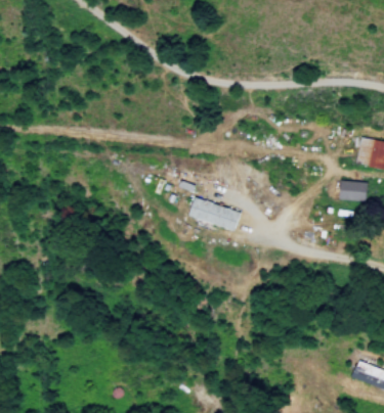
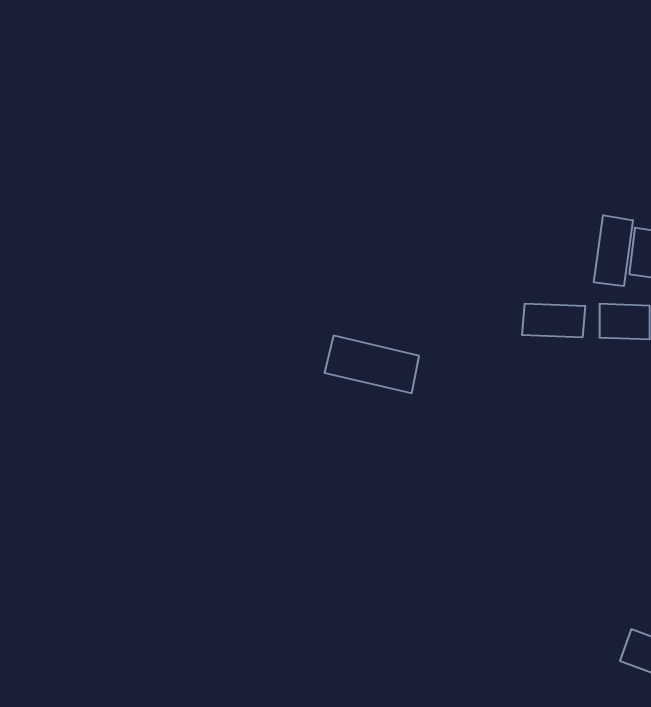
building: none -> [594,215,633,286]
building: none -> [522,304,585,337]

